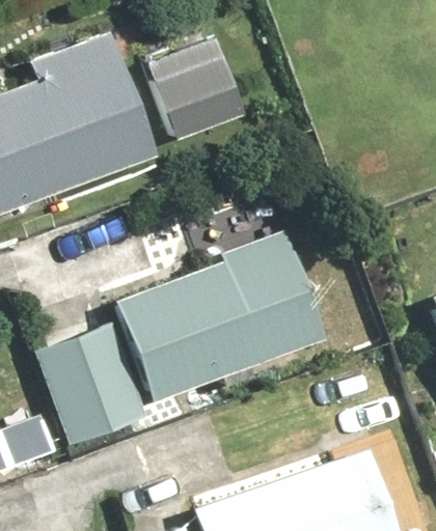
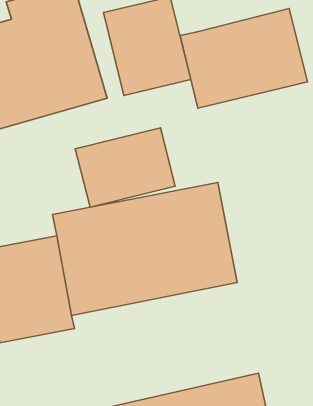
building: none -> [180,9,307,108]
building: none -> [75,128,175,207]

